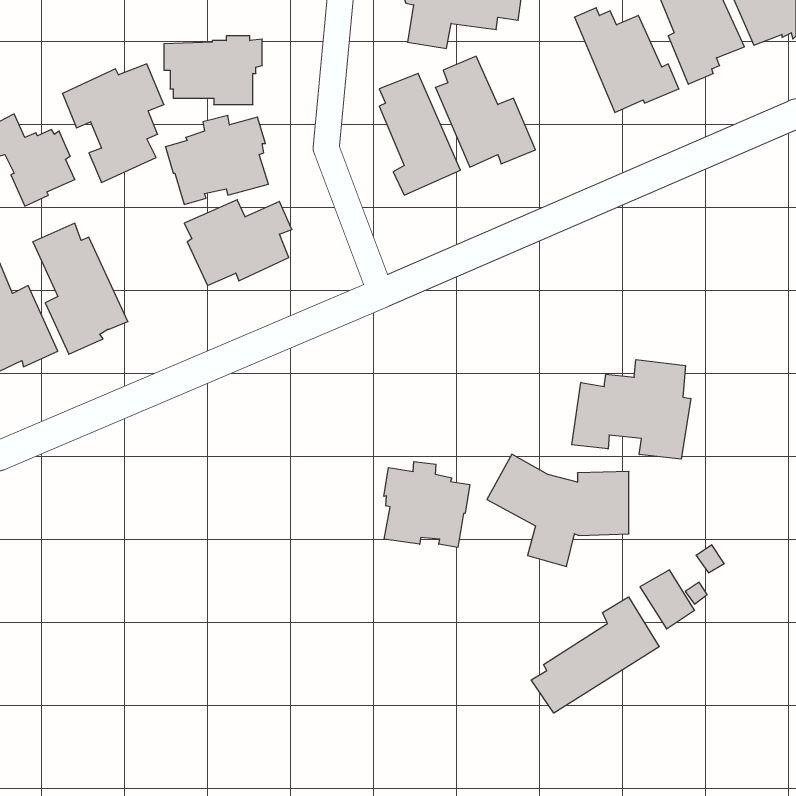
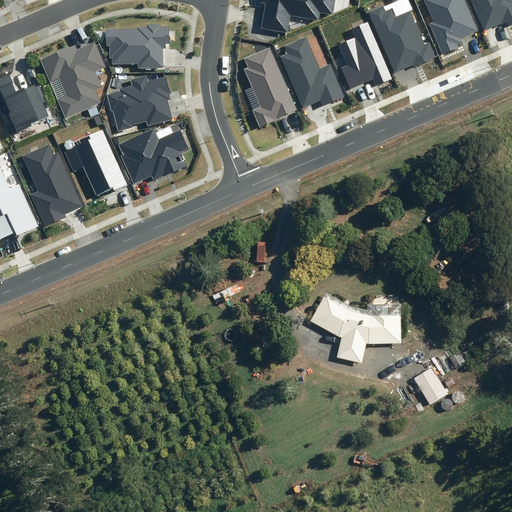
building: none -> [337,21,391,88]
building: none -> [64,129,127,195]
building: [572,360,691,459] -> none
building: [384,462,470,547] -> none
building: [531,597,659,713] -> none

